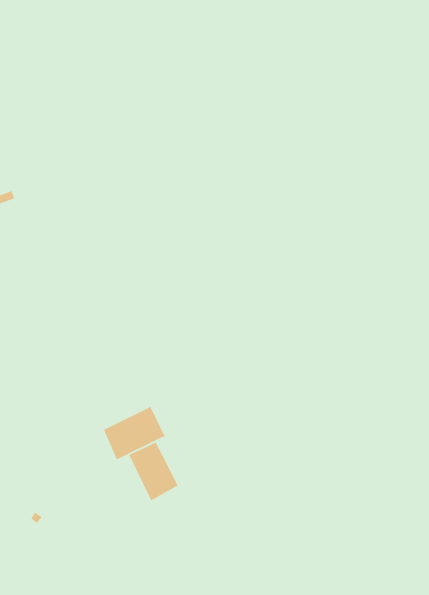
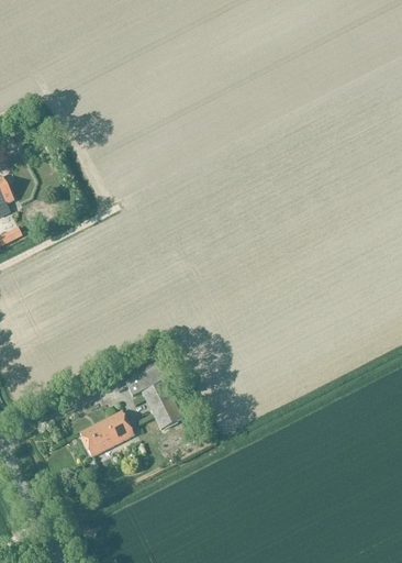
building: none -> [80,411,134,456]

